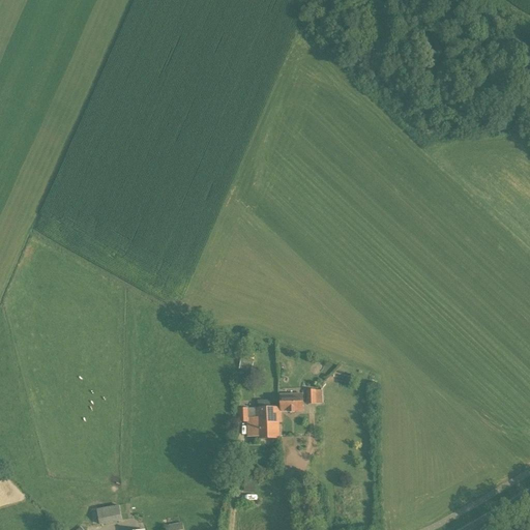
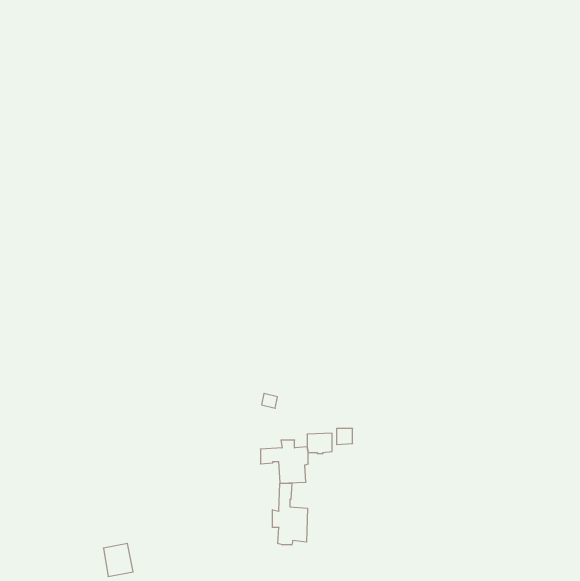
building: none -> [272,483,307,545]

